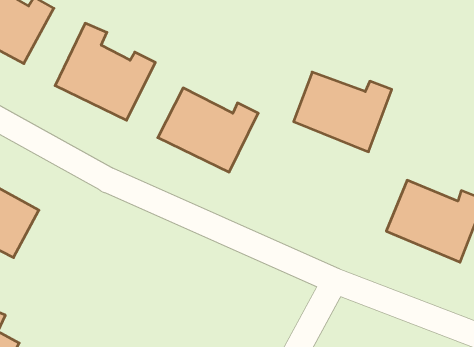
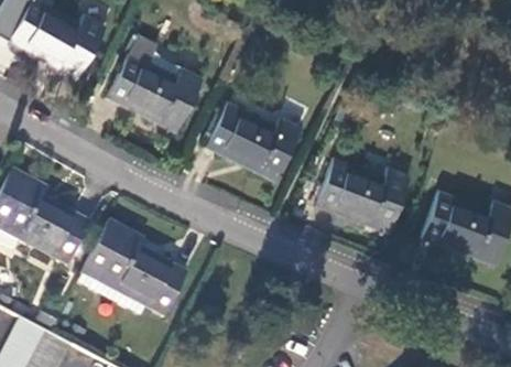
building: [294,72,392,152] -> [316,155,410,231]
building: none -> [76,215,188,315]

